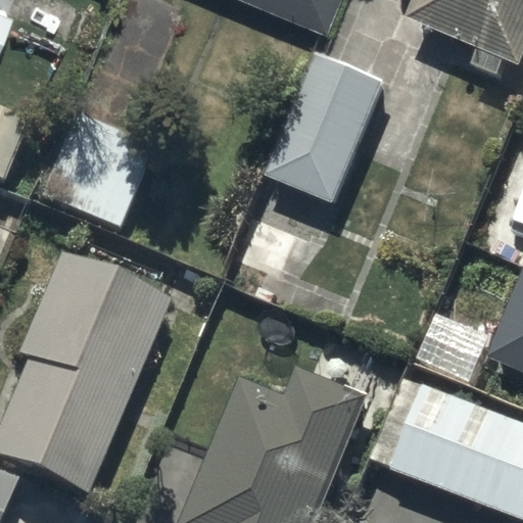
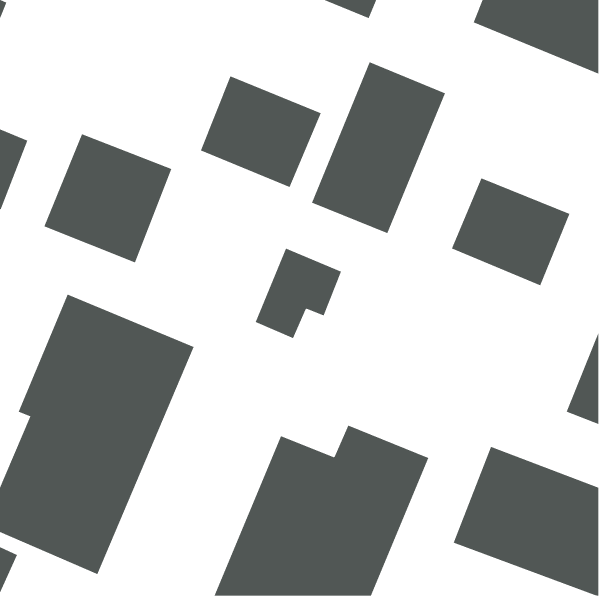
building: none -> [200,75,321,188]
building: none -> [451,177,570,286]

